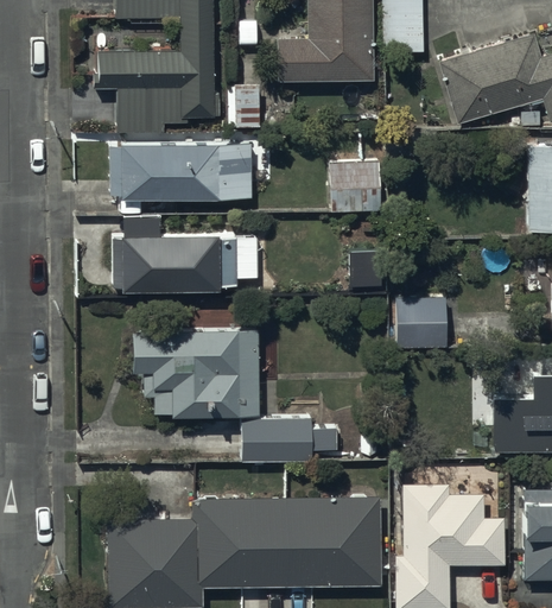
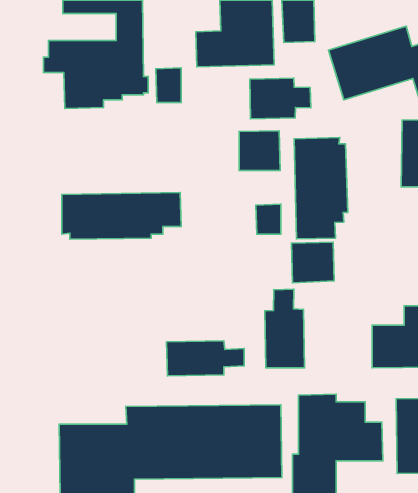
building: none -> [250,78,311,119]
building: [109,142,253,203] -> none
building: none -> [294,137,348,239]
building: [133,329,260,419] -> none
building: none -> [265,289,305,368]

